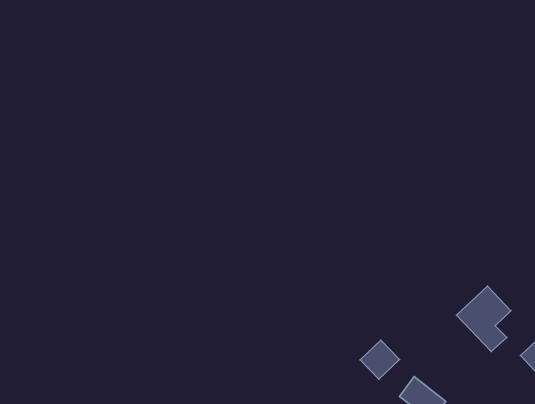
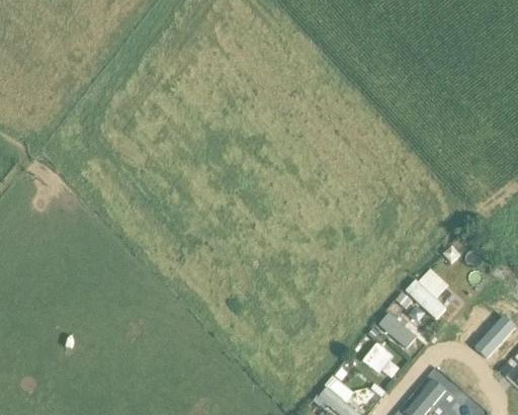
building: [360,340,399,379] -> [385,315,418,347]

